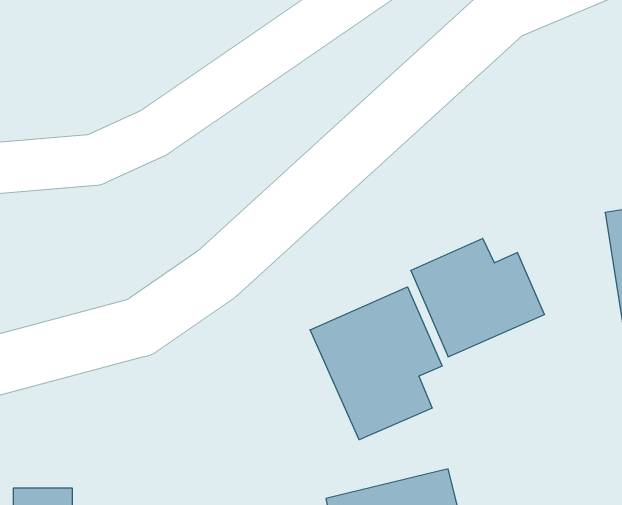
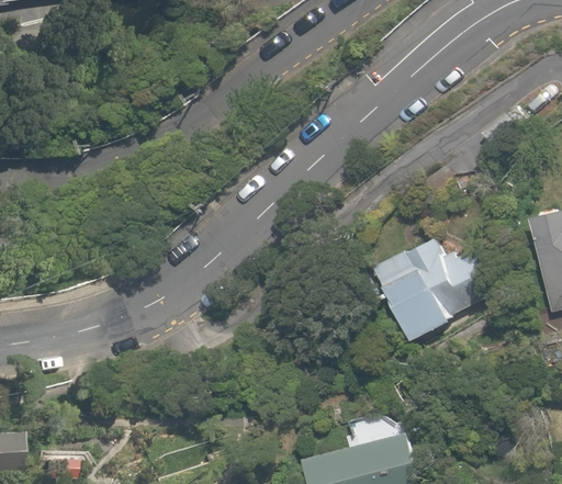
building: [310,287,442,440] -> none

